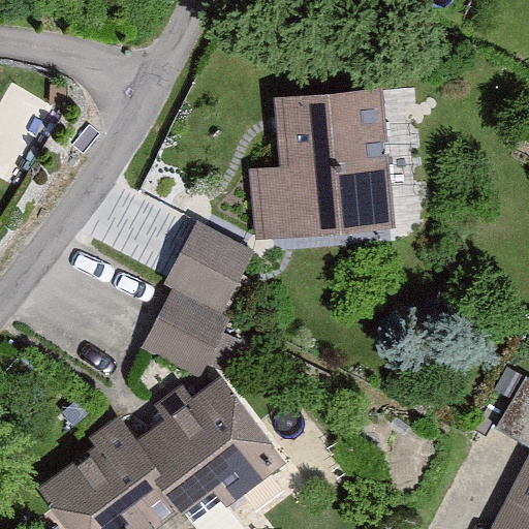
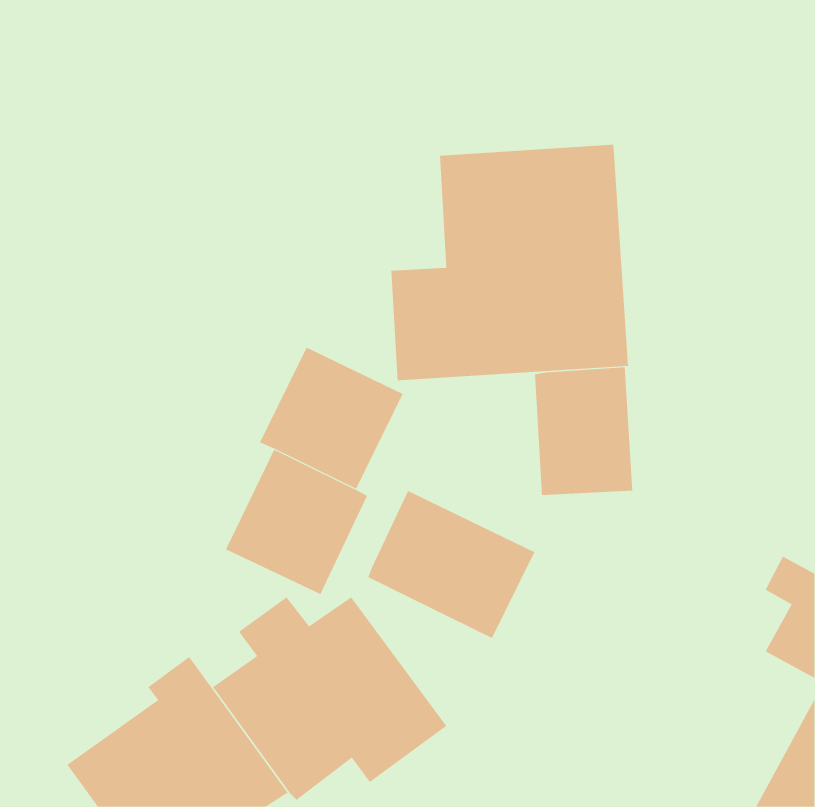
building: none -> [535,366,633,496]
building: none -> [368,490,535,639]

